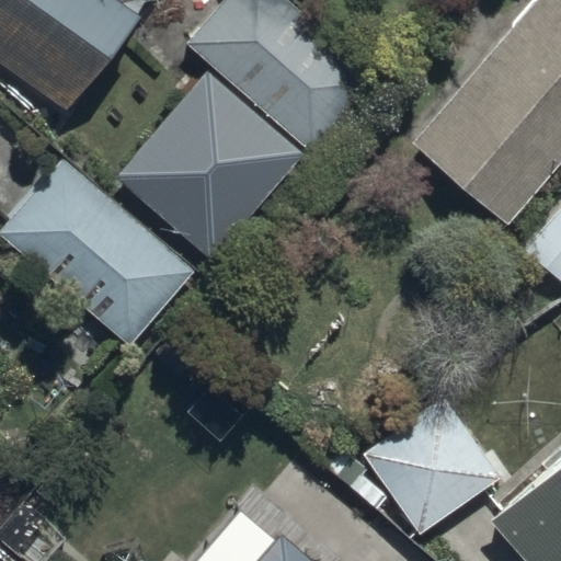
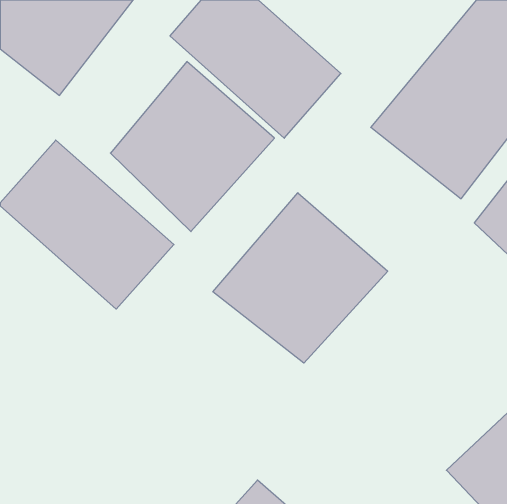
building: none -> [213,193,388,363]
building: [359,393,502,536] -> none

